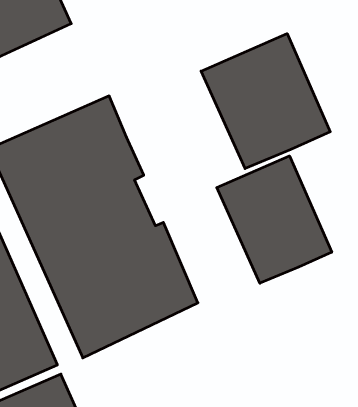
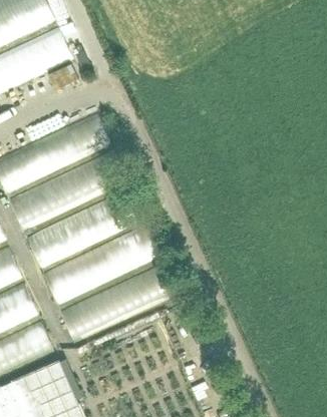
building: [201,34,330,169] -> none
building: [217,156,332,283] -> none

